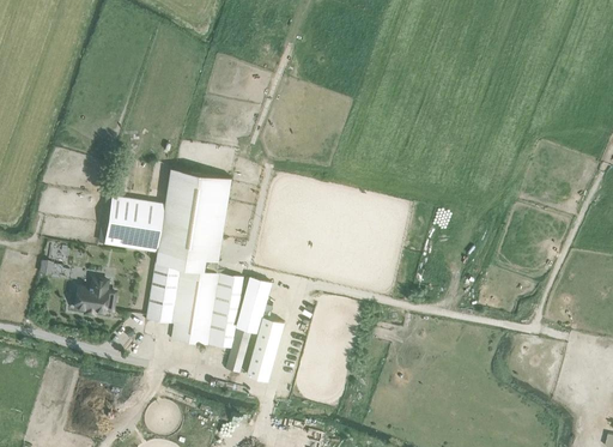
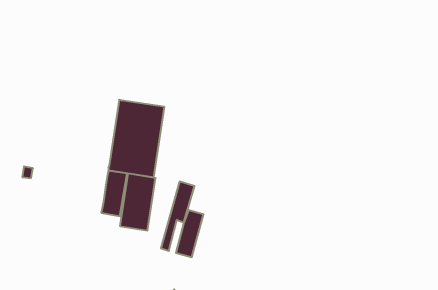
building: [105,194,164,252] -> none
building: [208,273,243,348] -> none
building: [74,278,114,313] -> none

